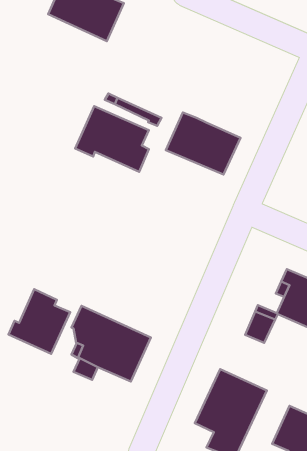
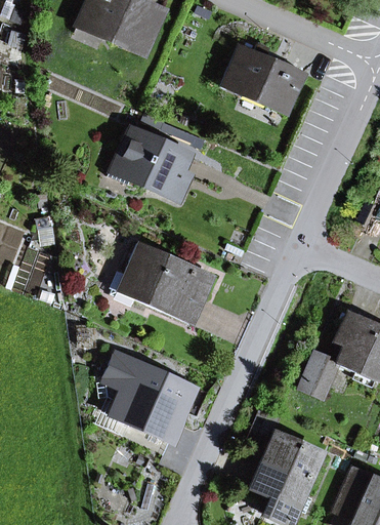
building: [166,112,240,175] -> [221,43,306,114]
building: none -> [112,242,212,323]
building: [9,289,70,354] -> none

